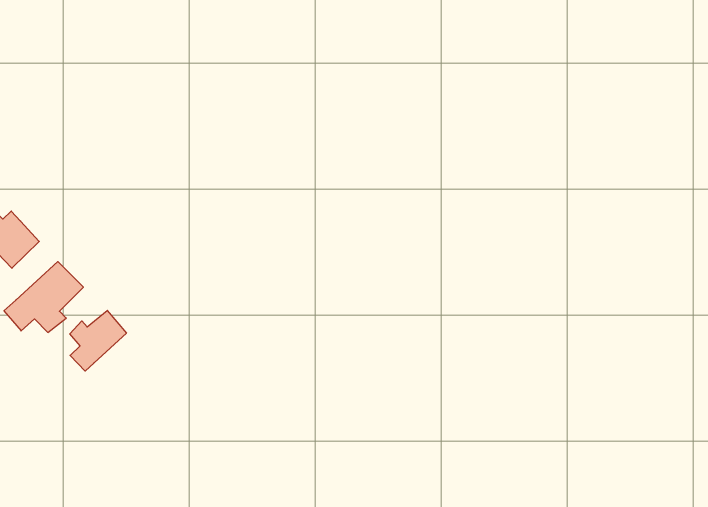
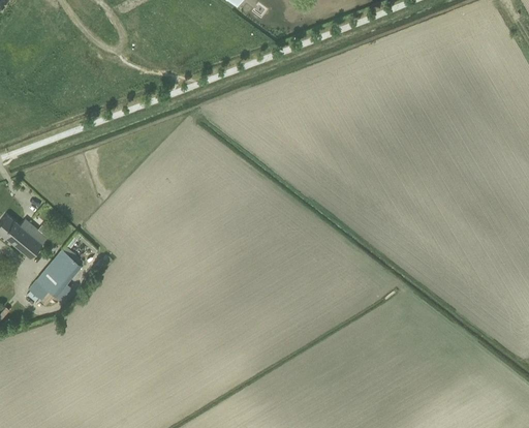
building: [70,310,126,371] -> none

